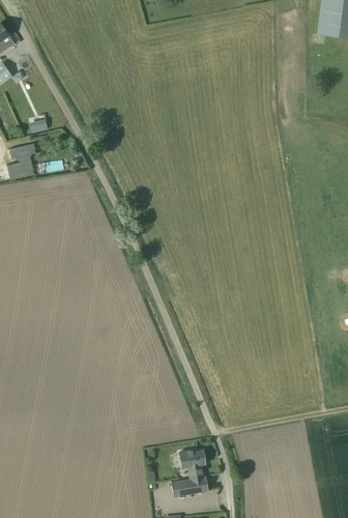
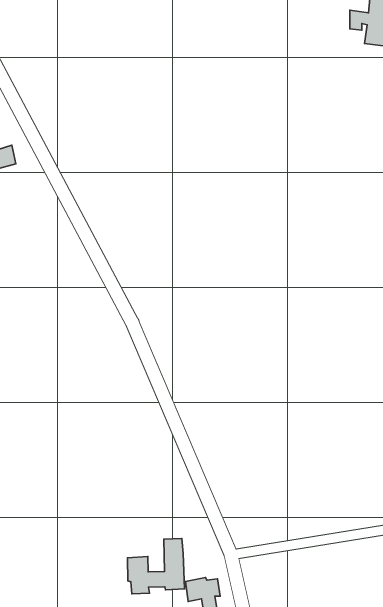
building: none -> [128,538,185,594]

